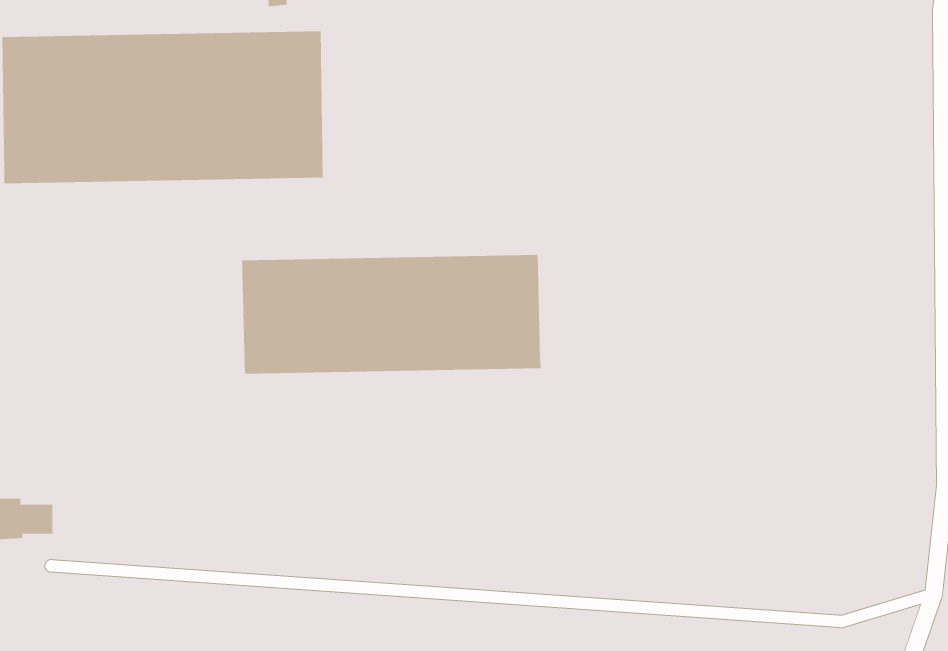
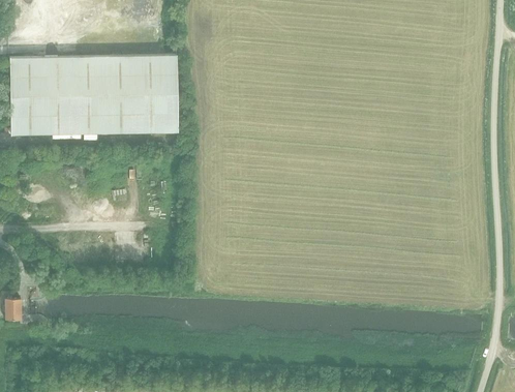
building: [242,254,541,374] -> none

